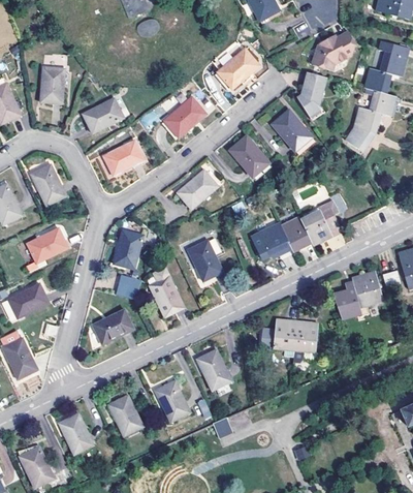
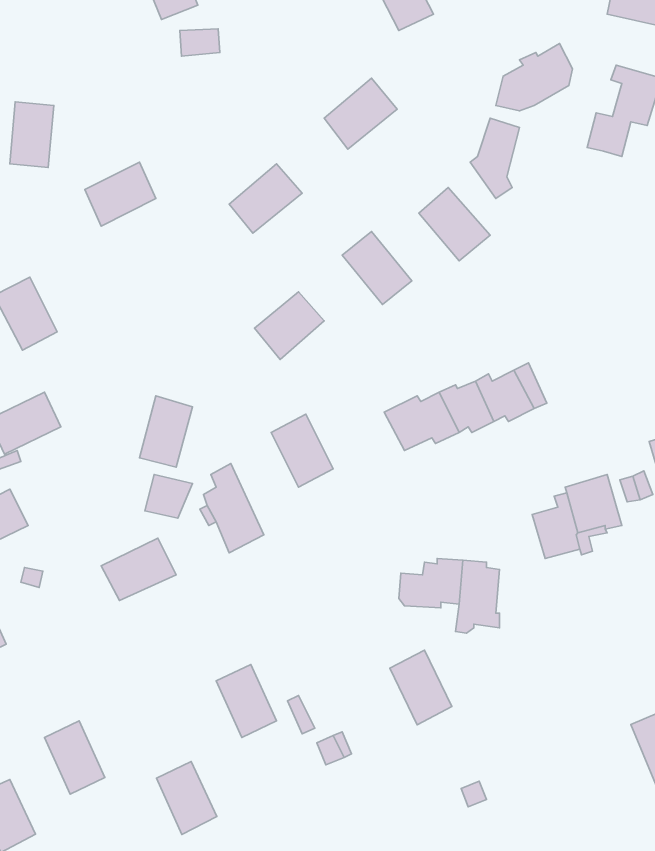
building: [345,90,394,151] -> none
building: [101,138,142,174] -> none
building: [197,348,232,391] -> [390,650,452,725]
building: [108,394,142,435] -> [156,762,217,835]

